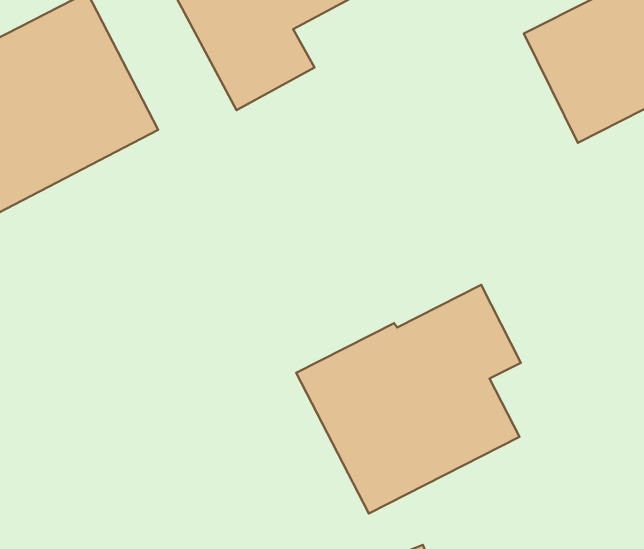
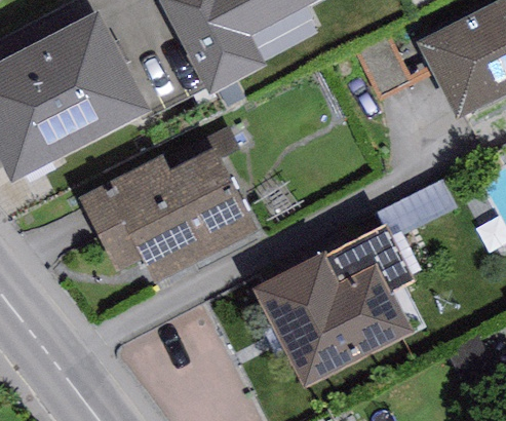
building: none -> [79,145,259,280]

